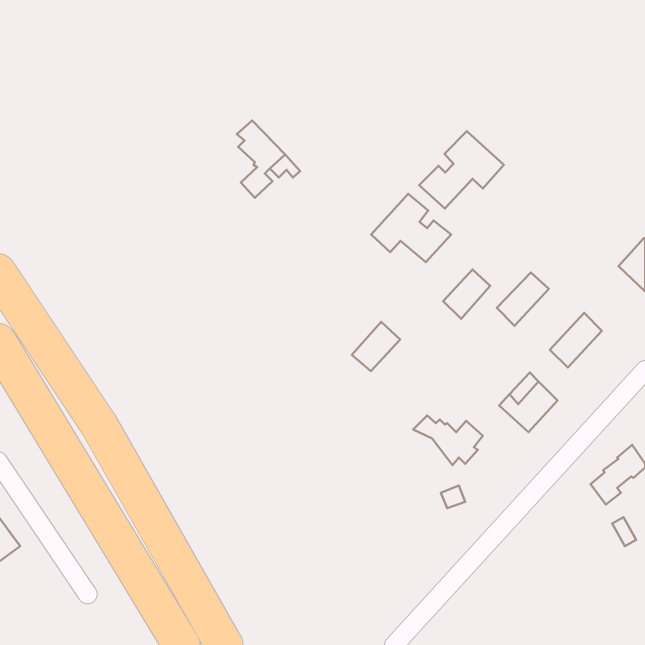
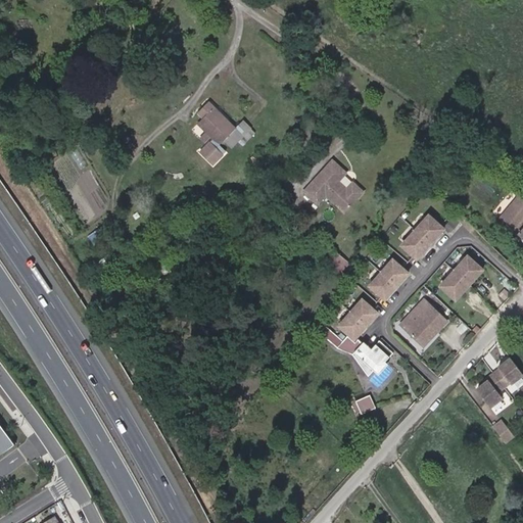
building: [419,131,504,208] -> none
building: [443,270,490,319] -> [368,259,406,299]
building: [352,322,400,371] -> [338,295,377,335]

